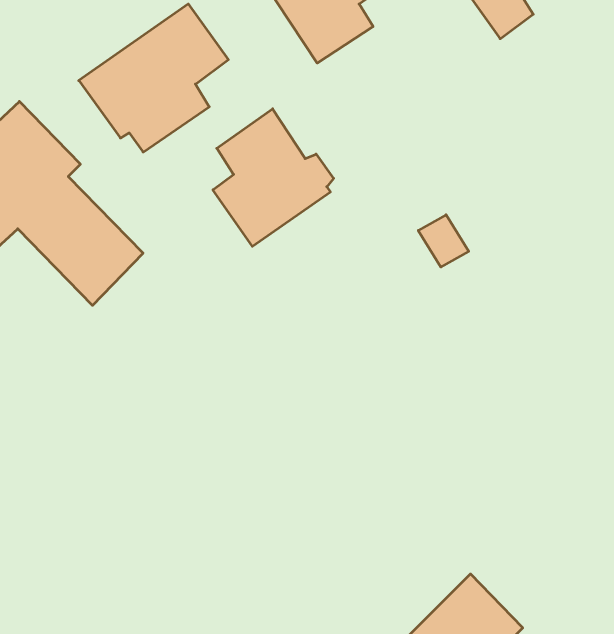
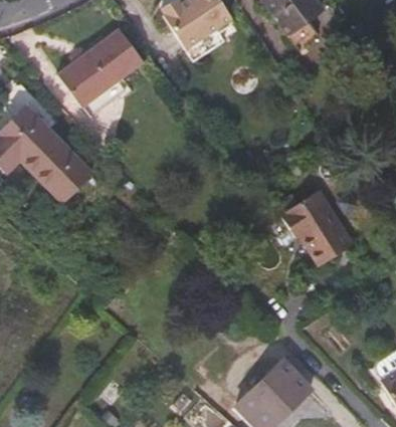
building: [213,109,334,246] -> none
building: none -> [281,190,353,267]

